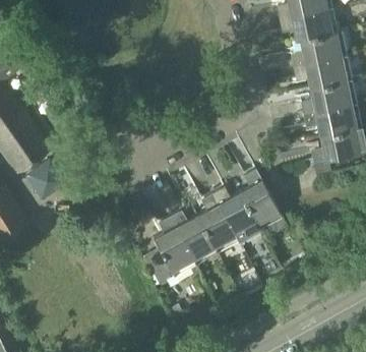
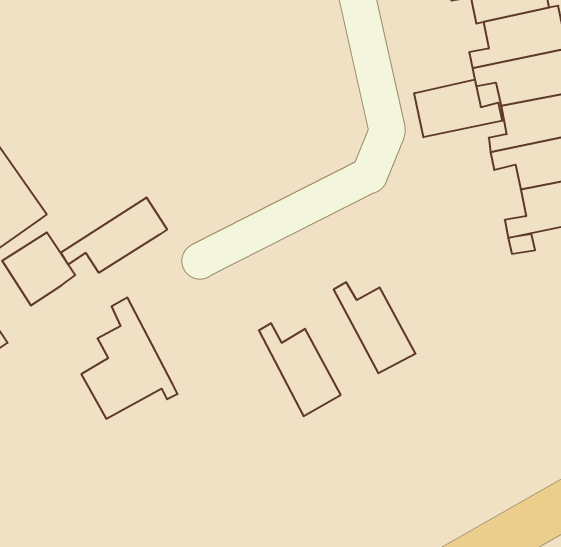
building: none -> [414,80,502,137]
building: none -> [61,197,167,273]
building: [238,167,281,227] -> none
building: [195,190,237,250] -> none
building: [142,214,197,283] -> [81,298,178,419]

